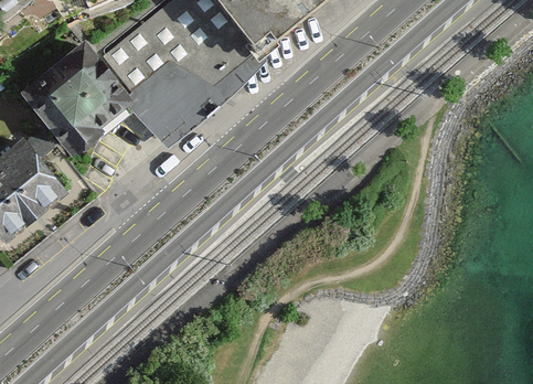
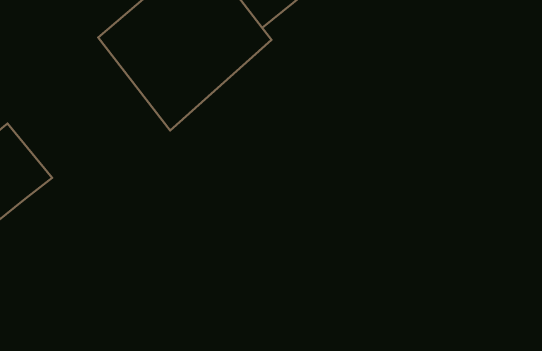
building: [29,46,127,146] -> none

